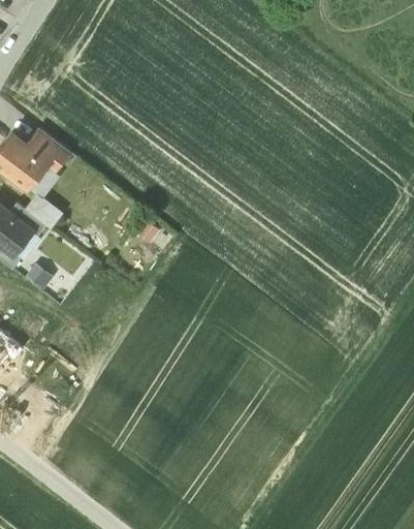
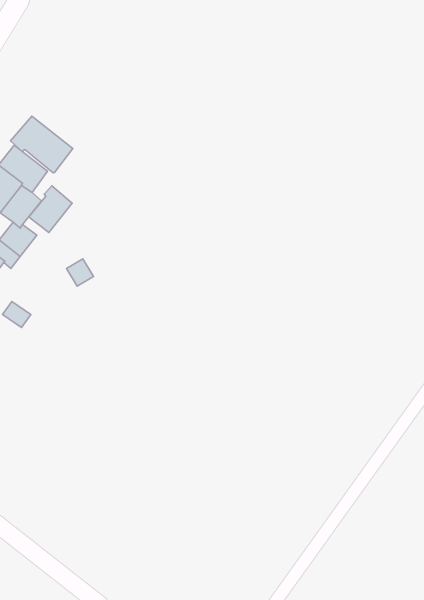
building: none -> [11,116,73,173]
building: none -> [29,186,72,232]

